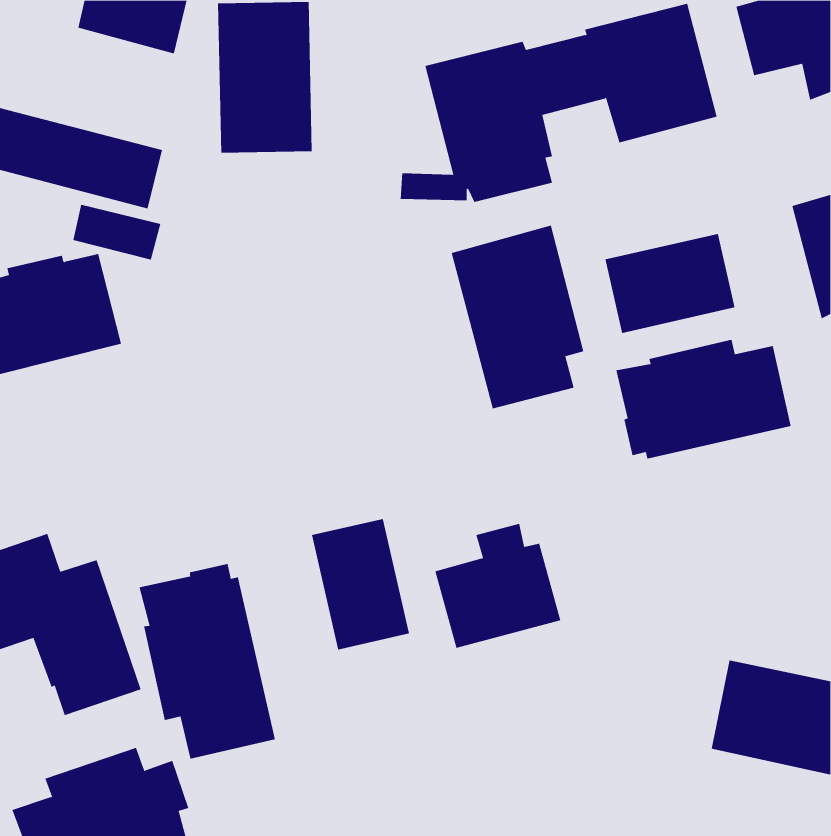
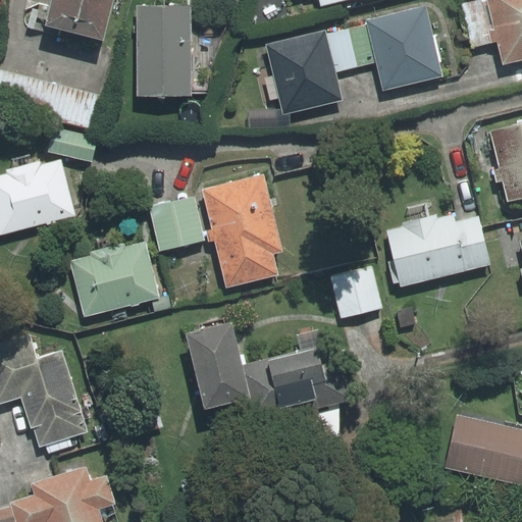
building: [451,225,584,409] -> [202,173,284,288]
building: [605,233,735,334] -> none
building: none -> [148,197,202,254]
building: none -> [67,242,171,318]
building: none -> [328,267,381,319]
building: [139,563,275,760] -> none

